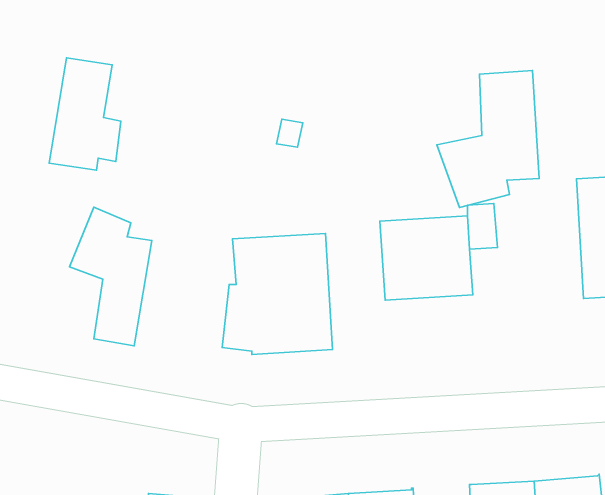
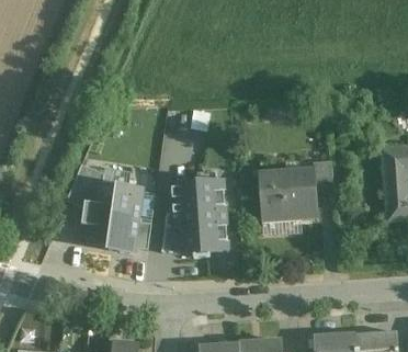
building: [49,58,121,170] -> [105,183,150,253]
building: [437,71,539,207] -> none

